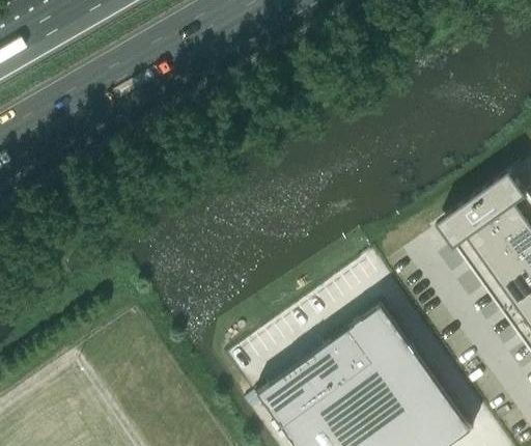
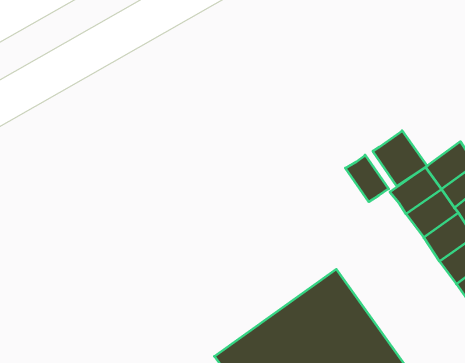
building: none -> [373,131,427,186]
building: none -> [345,155,389,202]

